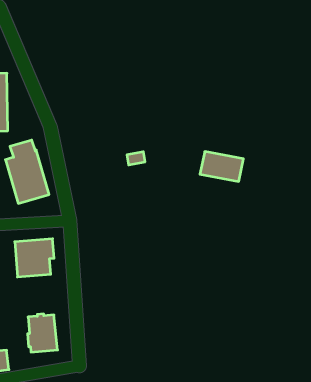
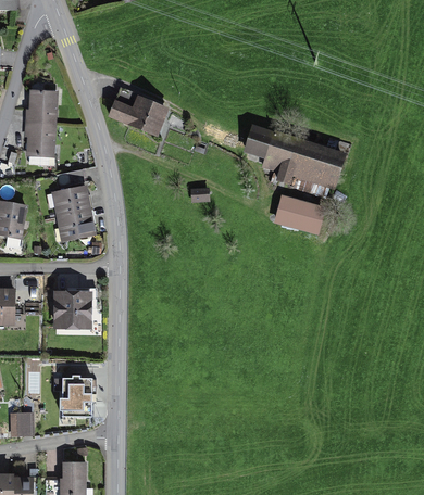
building: none -> [112,97,170,138]
building: none -> [249,131,349,194]

